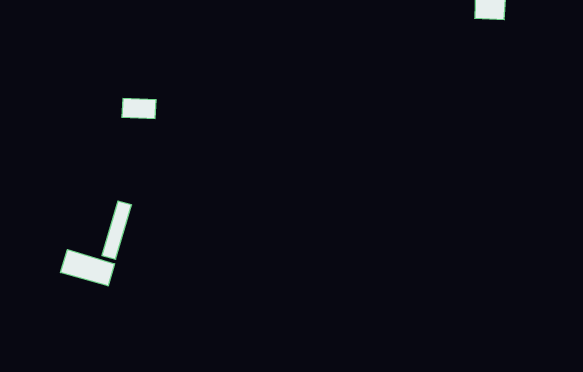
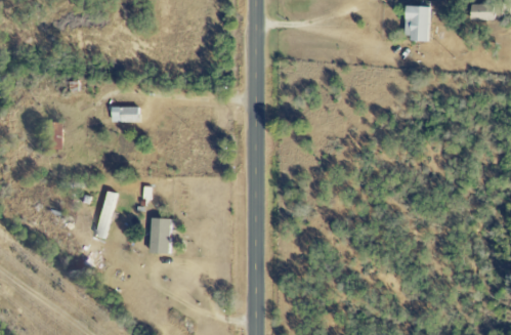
building: none -> [150,217,170,253]
building: [61,250,115,286] -> none

